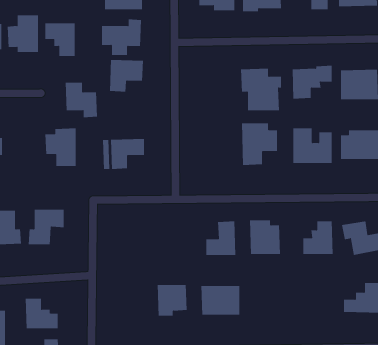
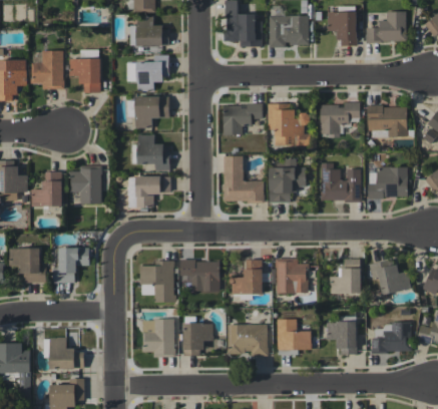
building: none -> [223,104,262,134]
building: [65,82,98,118] -> [136,134,169,170]
building: none -> [223,155,263,201]
building: none -> [31,171,62,206]
building: none -> [139,260,174,302]
building: none -> [179,260,220,291]
building: none -> [141,319,174,355]
building: none -> [276,319,311,349]
building: none -> [326,322,356,354]

